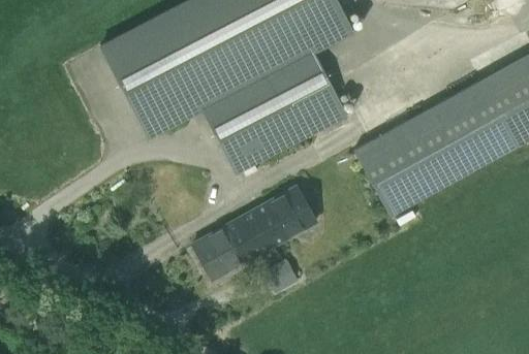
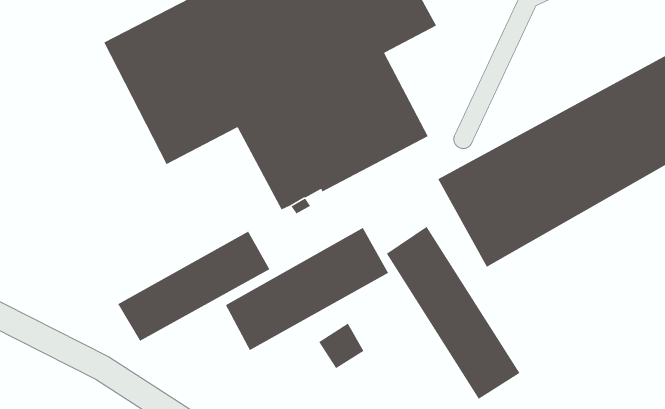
building: none -> [386,226,520,400]
building: none -> [117,230,270,342]

